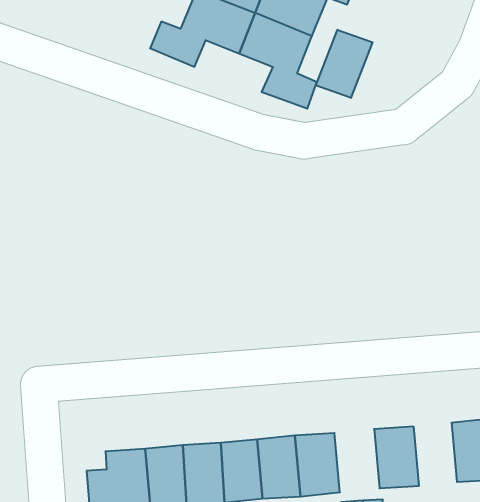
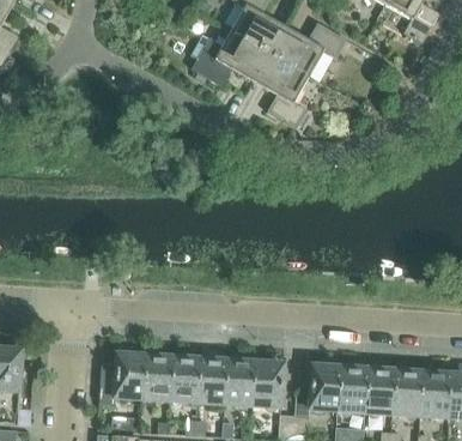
building: [316,30,373,98] -> none
building: none -> [339,367,369,411]

